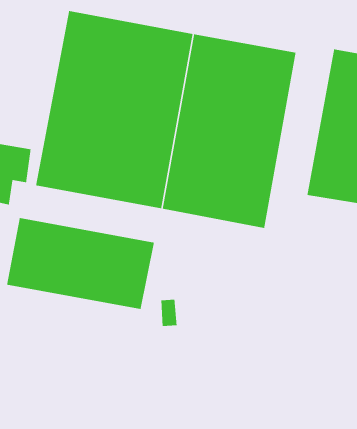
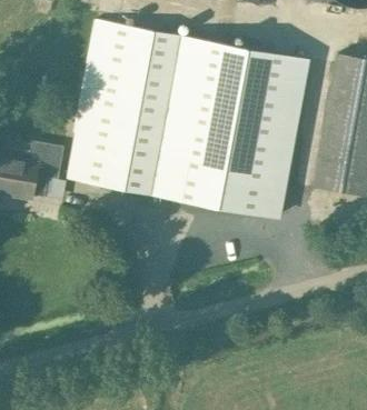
building: [6,217,155,310] -> none

